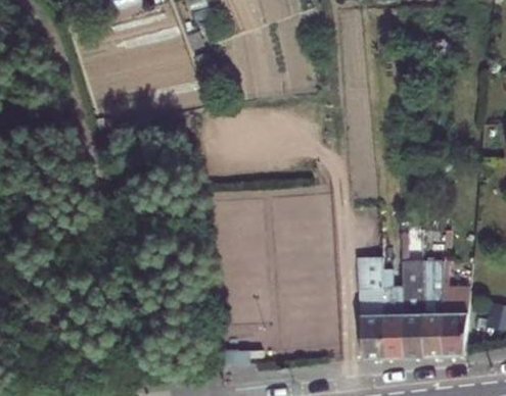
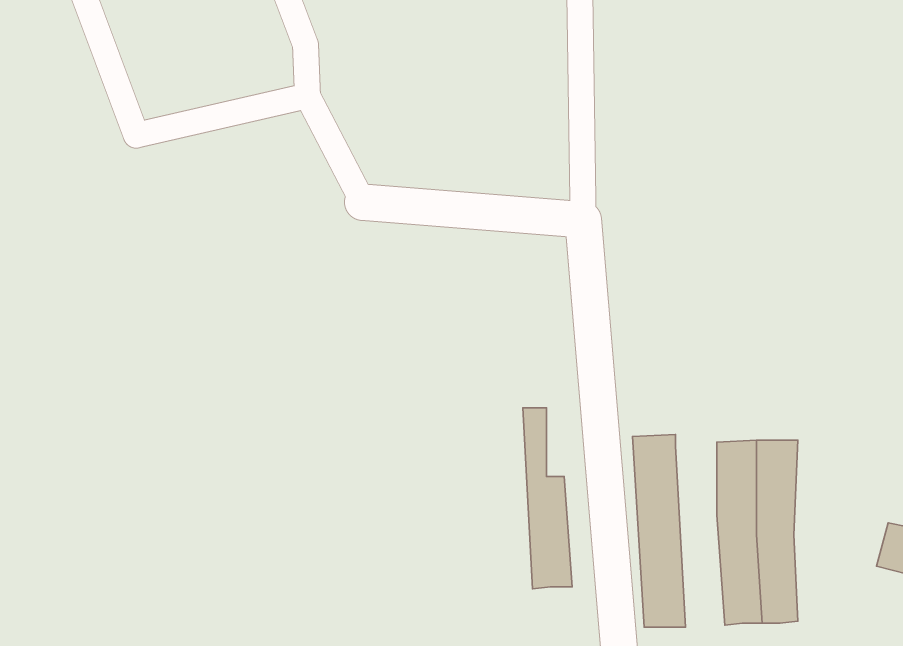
building: [441,246,467,353] -> none
building: [379,262,405,356] -> [523,408,572,589]

